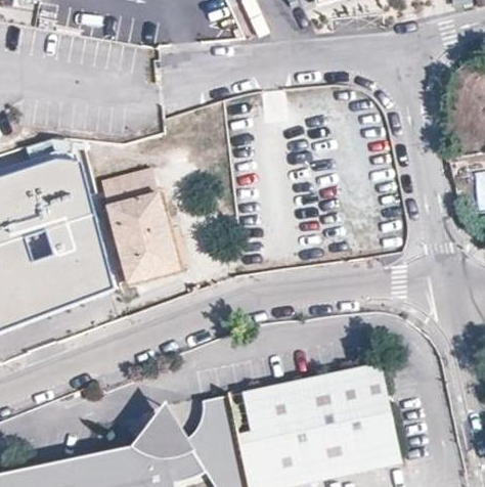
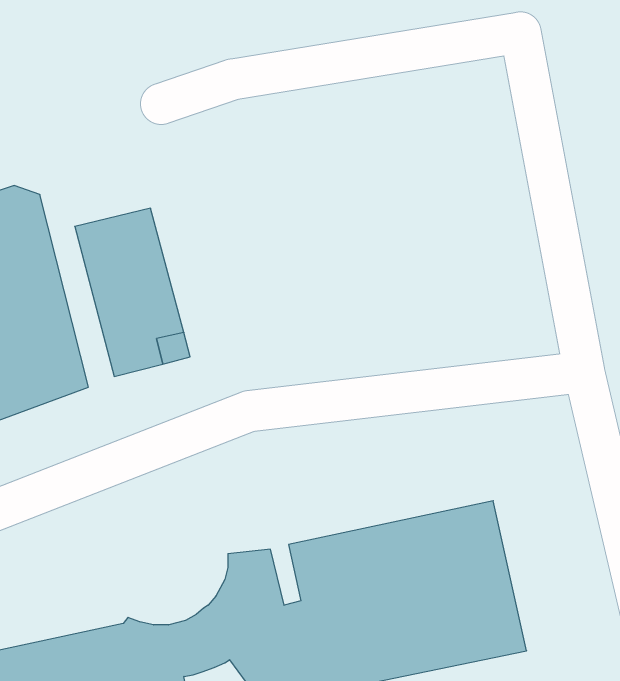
building: [135,401,186,448] -> none

